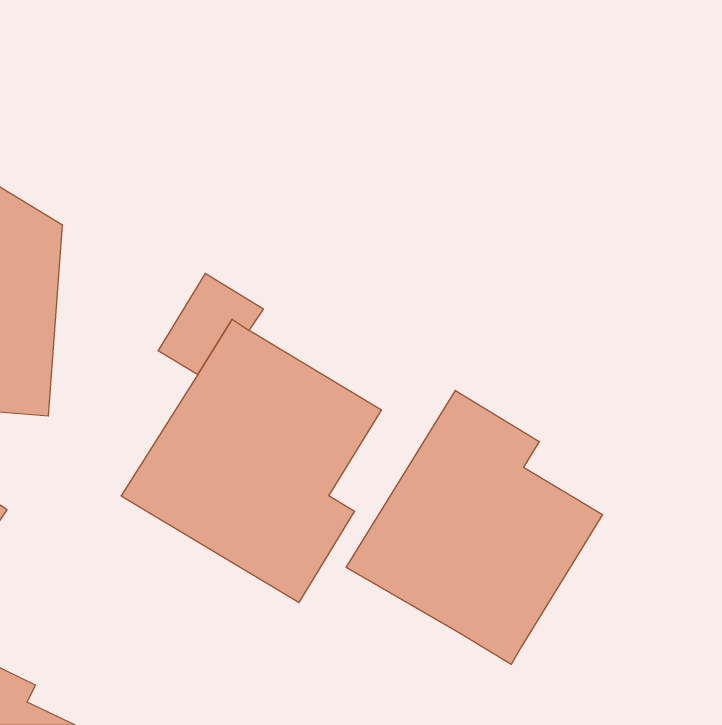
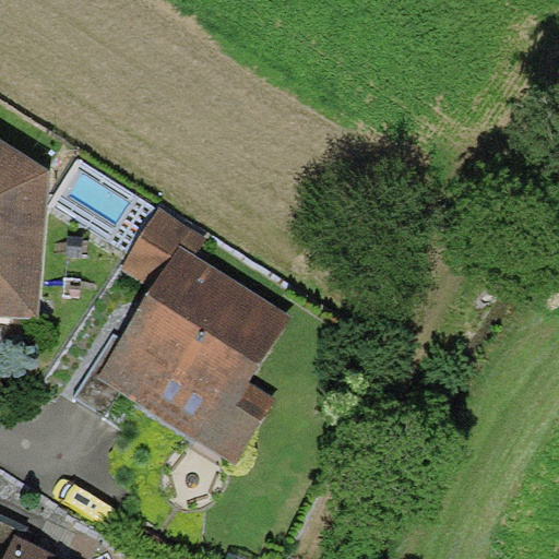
building: [346,390,603,664] -> none

